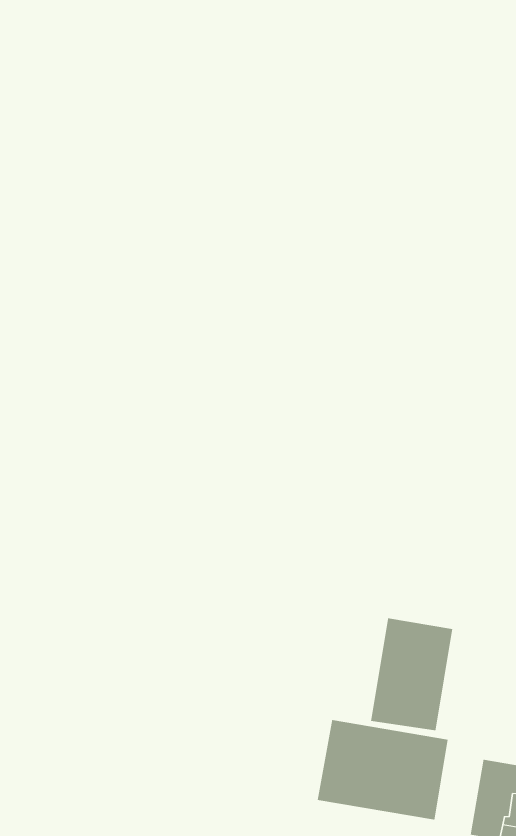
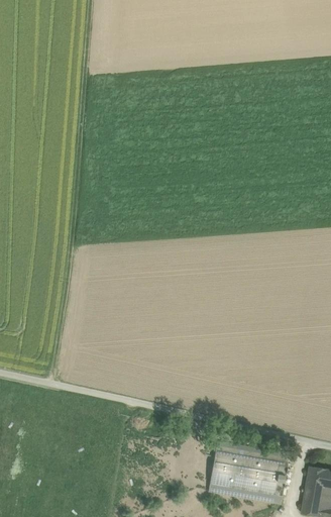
building: [370,617,453,731] -> none

